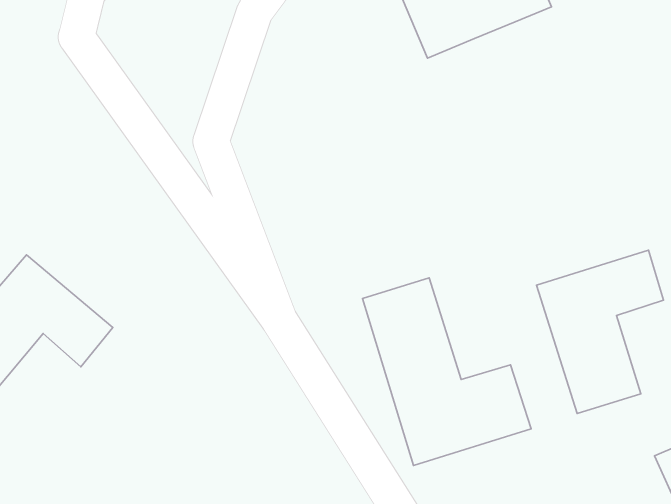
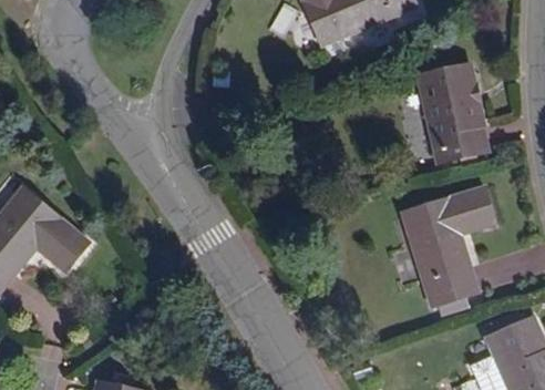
building: none -> [417,63,486,161]
building: [363,278,531,465] -> none

